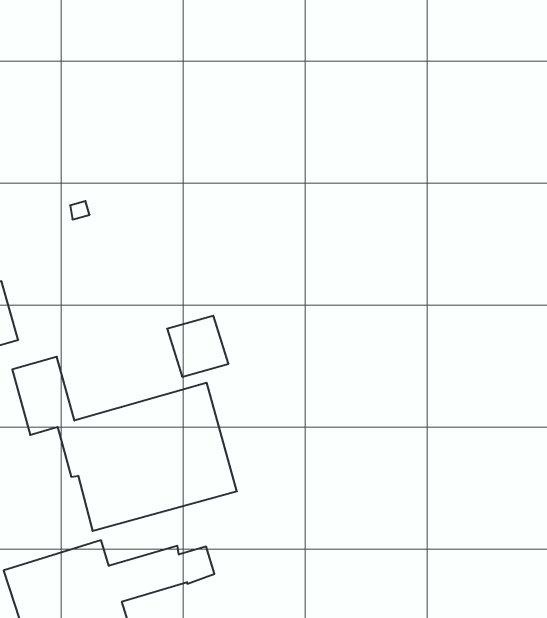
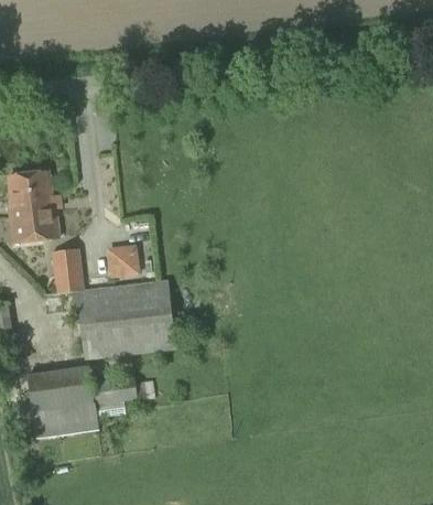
building: [167,316,228,377] -> [106,244,140,278]

